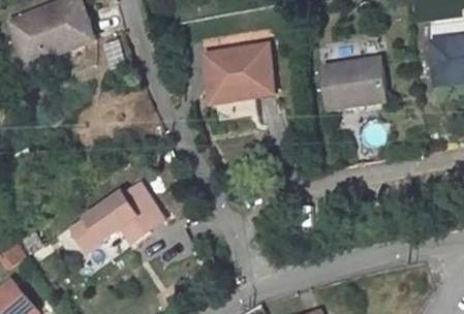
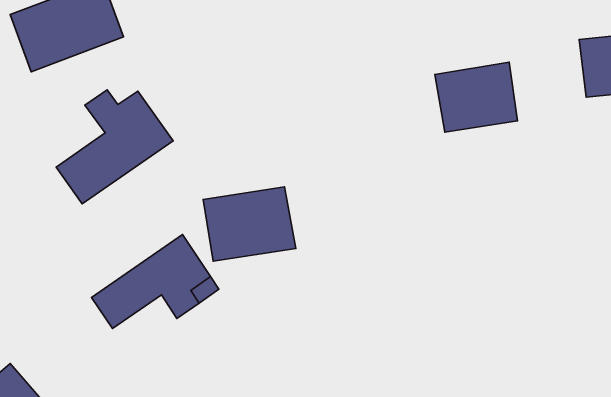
building: [205,45,273,100] -> [203,187,296,261]
building: none -> [56,90,173,204]

